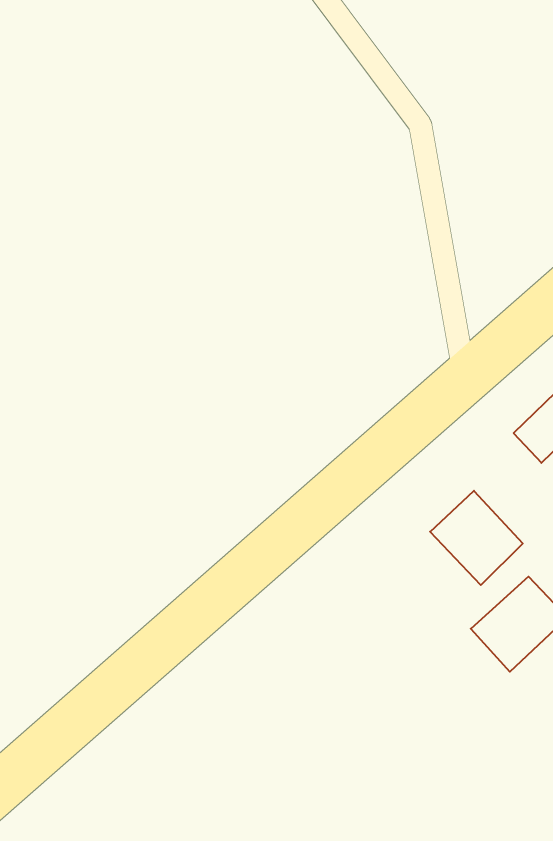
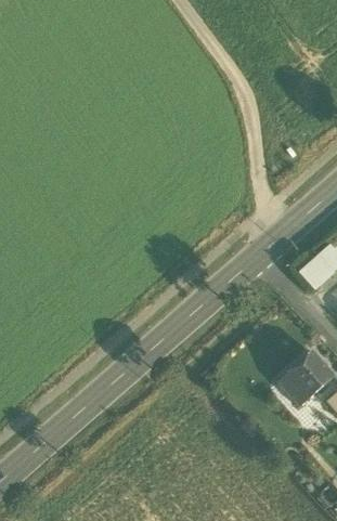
building: [430,491,523,585] -> none

